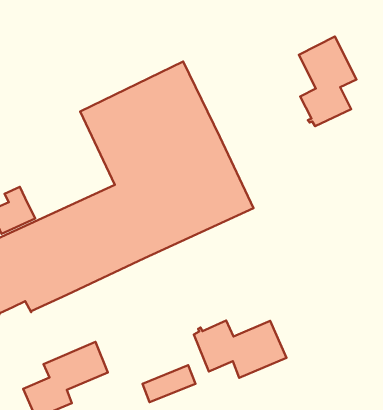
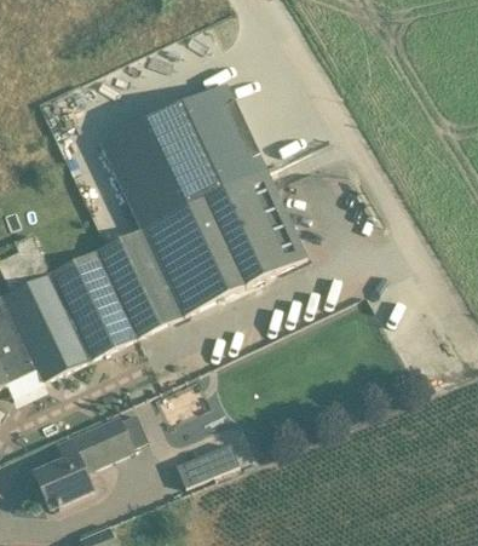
building: [299,36,356,126] -> none
building: [194,321,286,378] -> none

